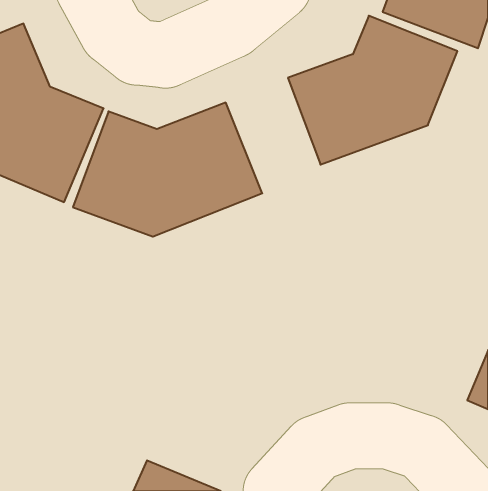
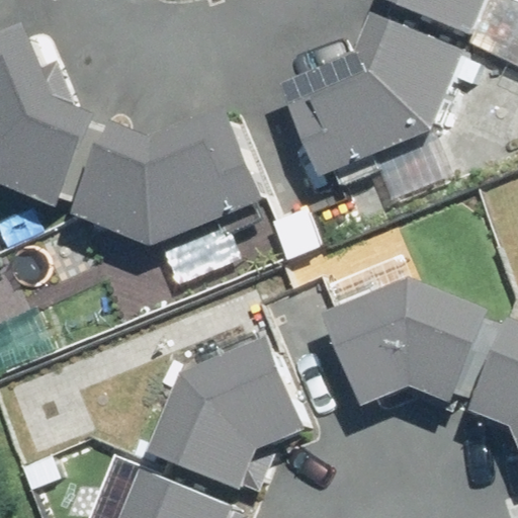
building: none -> [334,280,492,405]
building: none -> [162,334,311,485]

